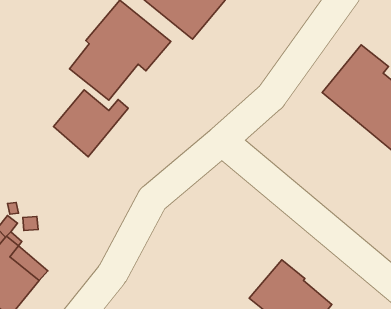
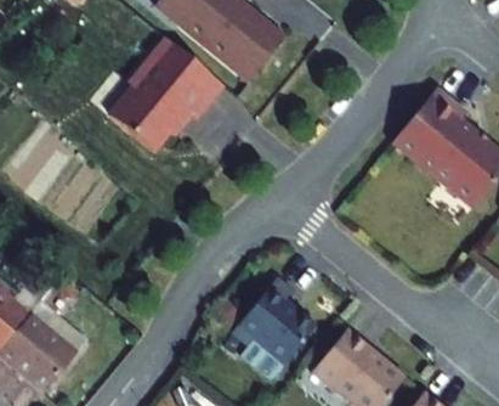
building: [53,90,128,157] -> none
building: none -> [232,278,316,365]

